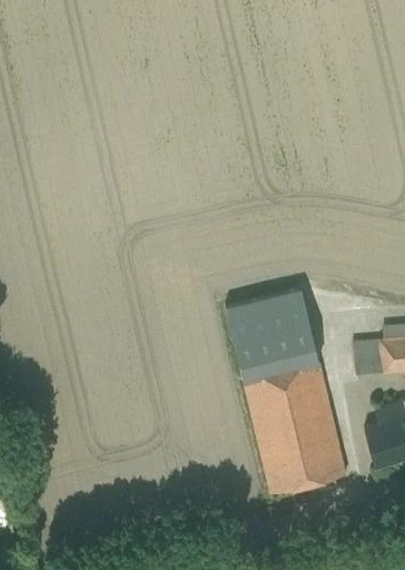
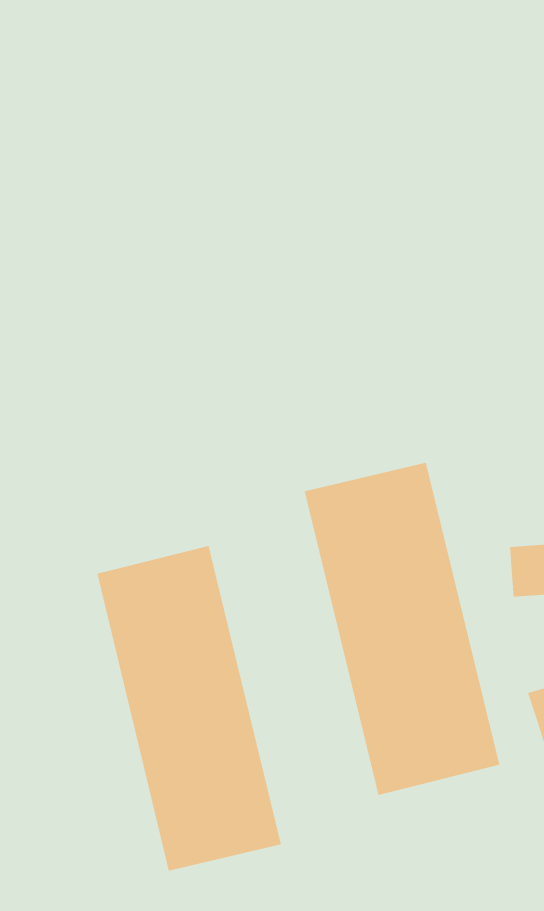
building: none -> [97,545,281,871]

